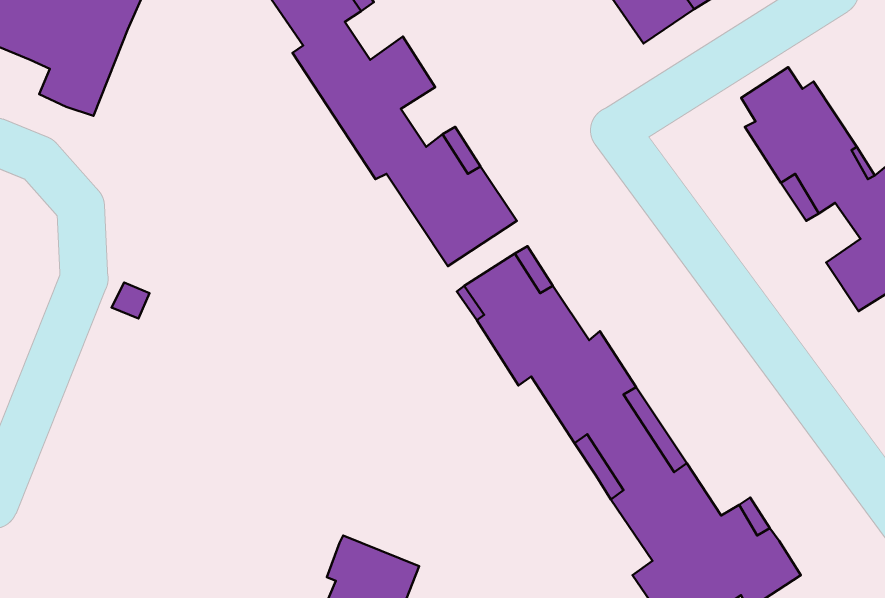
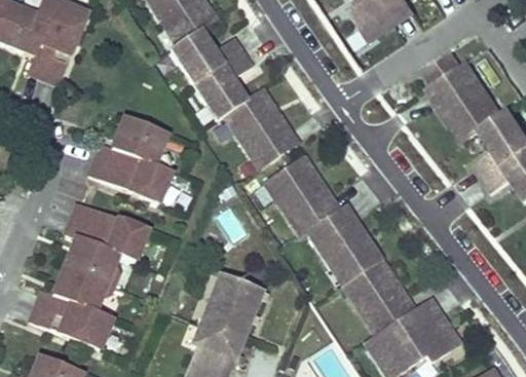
building: none -> [88,116,172,201]
building: none -> [29,200,147,347]
building: none -> [200,271,263,337]

